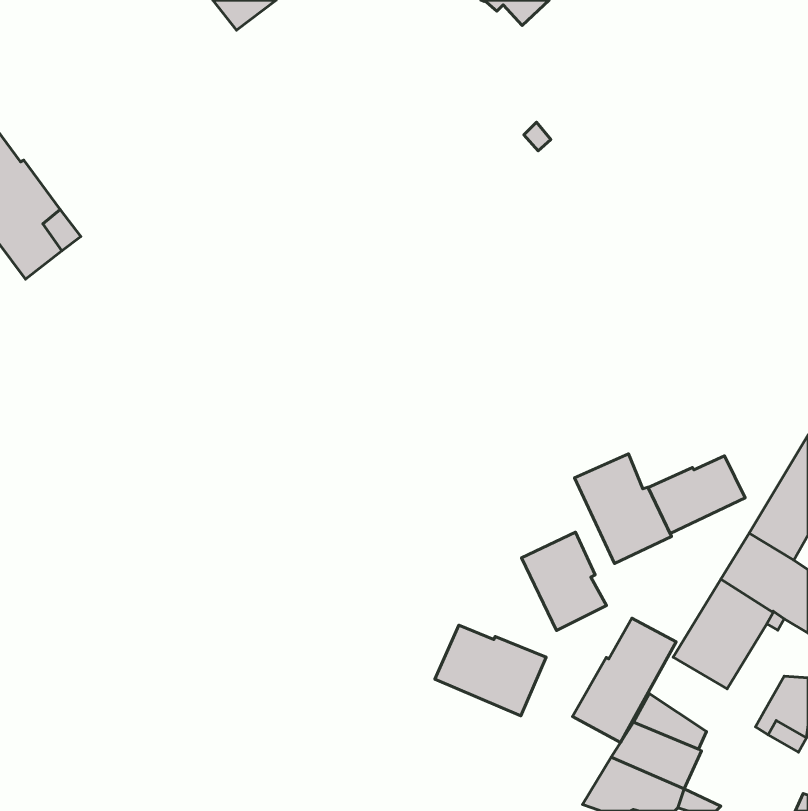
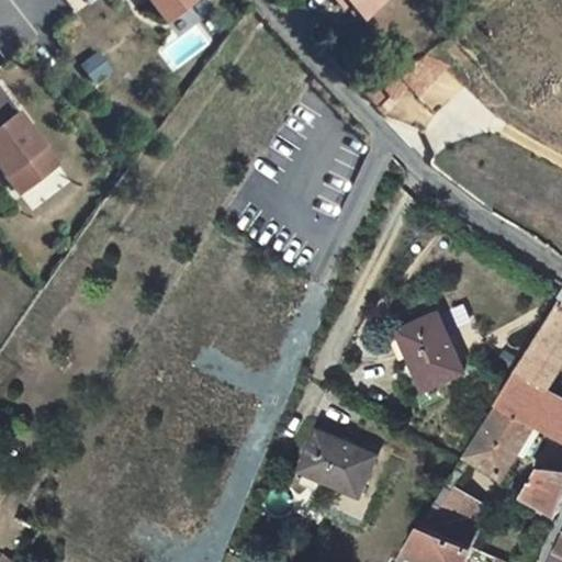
building: [648,456,745,533] -> none
building: [521,532,606,631] -> none
building: [573,618,676,743] -> none

